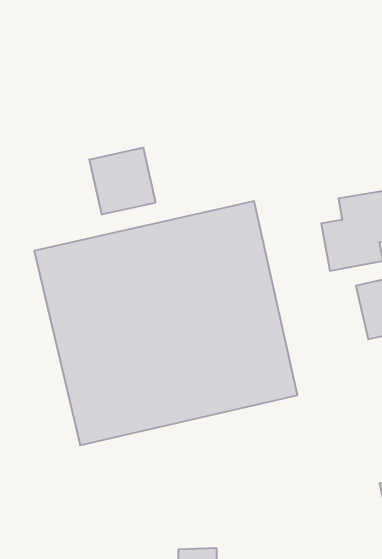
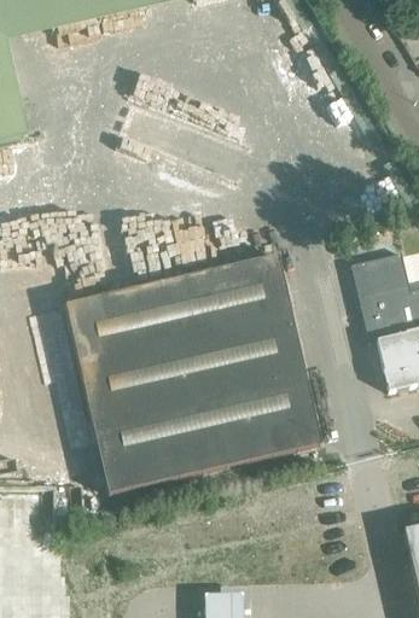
building: [89,148,156,215] -> none

